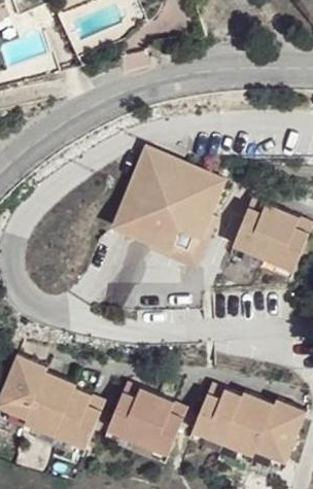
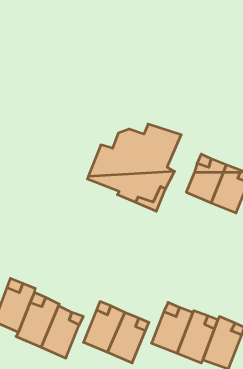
building: [128,146,186,191] -> none

